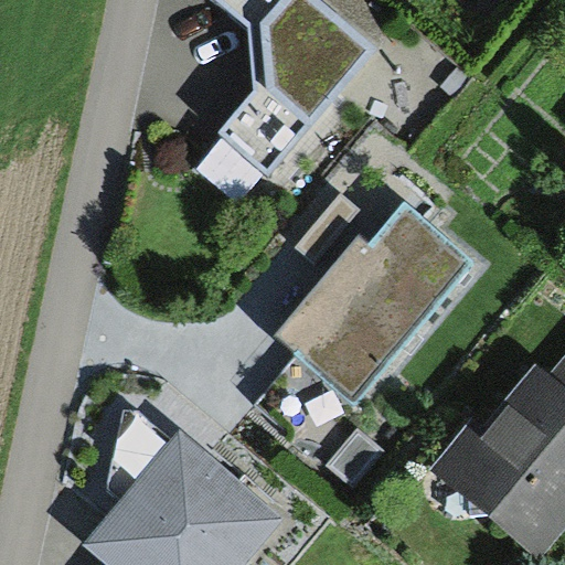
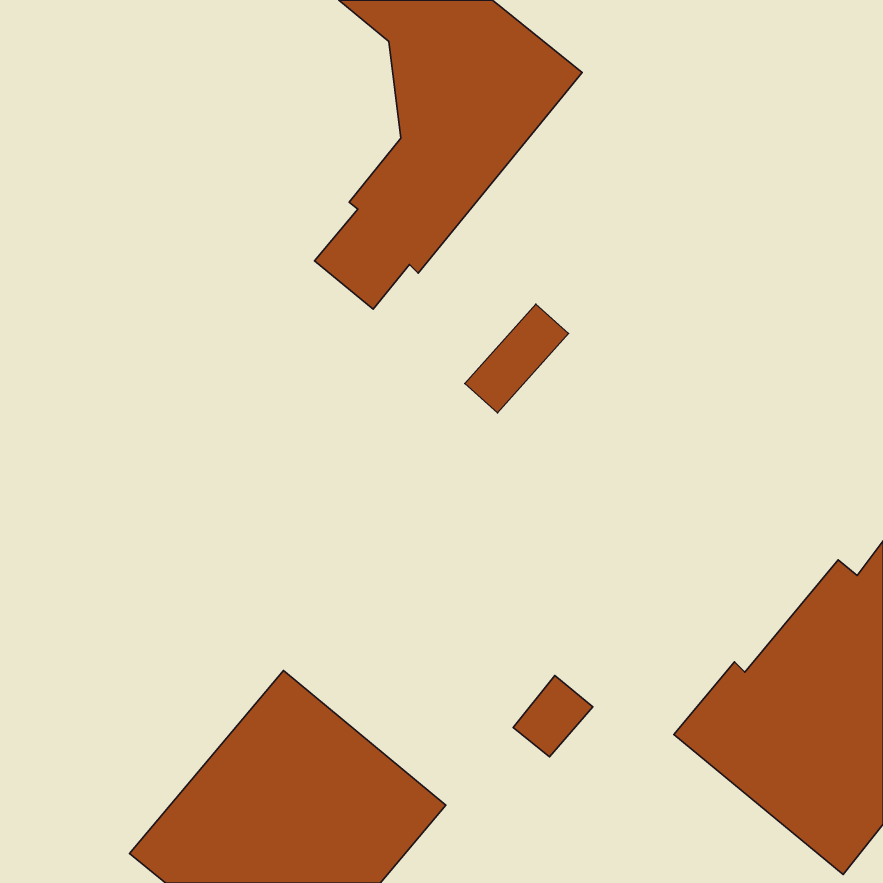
building: [276,205,471,402] -> none

